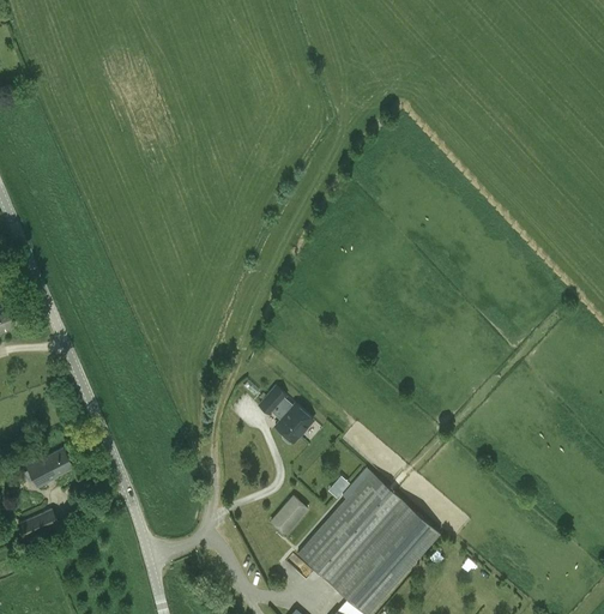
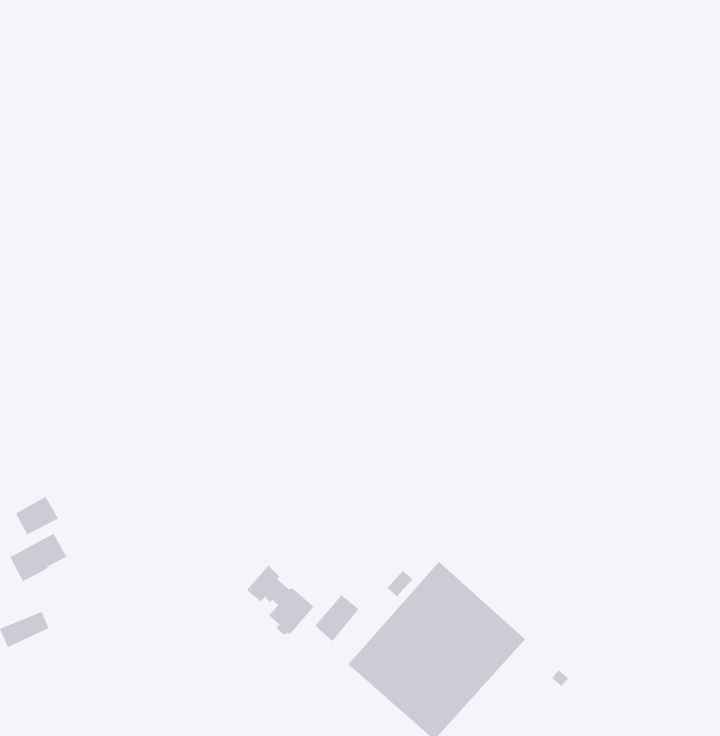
building: [256,386,312,443] -> [246,565,315,635]
building: none -> [15,496,59,536]

